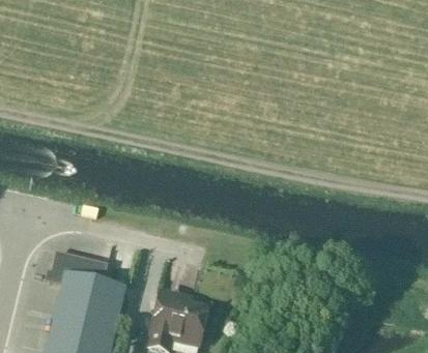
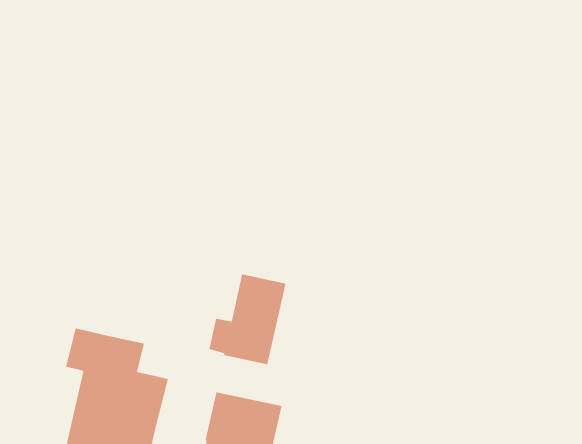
building: none -> [208,273,287,365]

